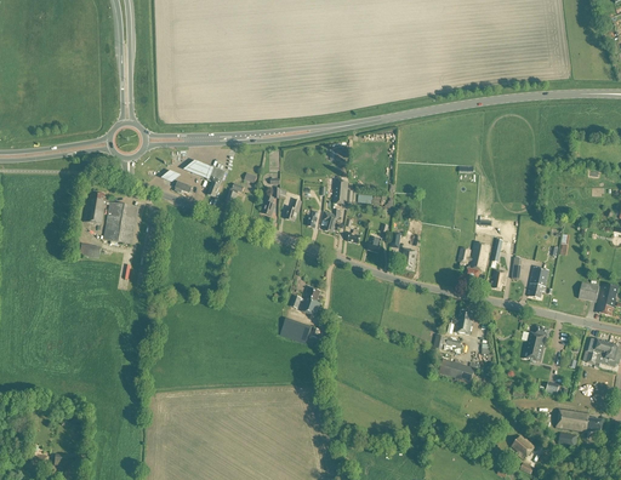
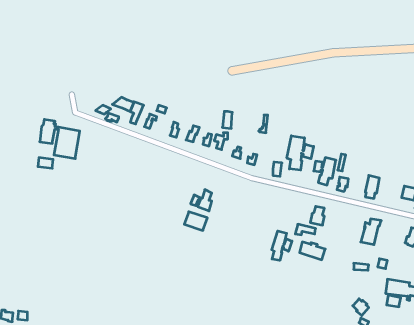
building: none -> [287,136,314,170]
building: none -> [272,231,292,260]

